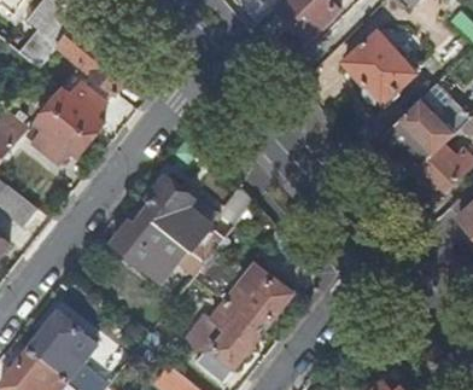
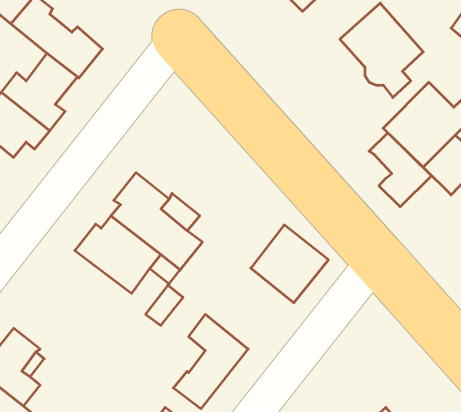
building: none -> [369,133,431,207]
building: [224,262,292,330] -> [251,225,328,303]

